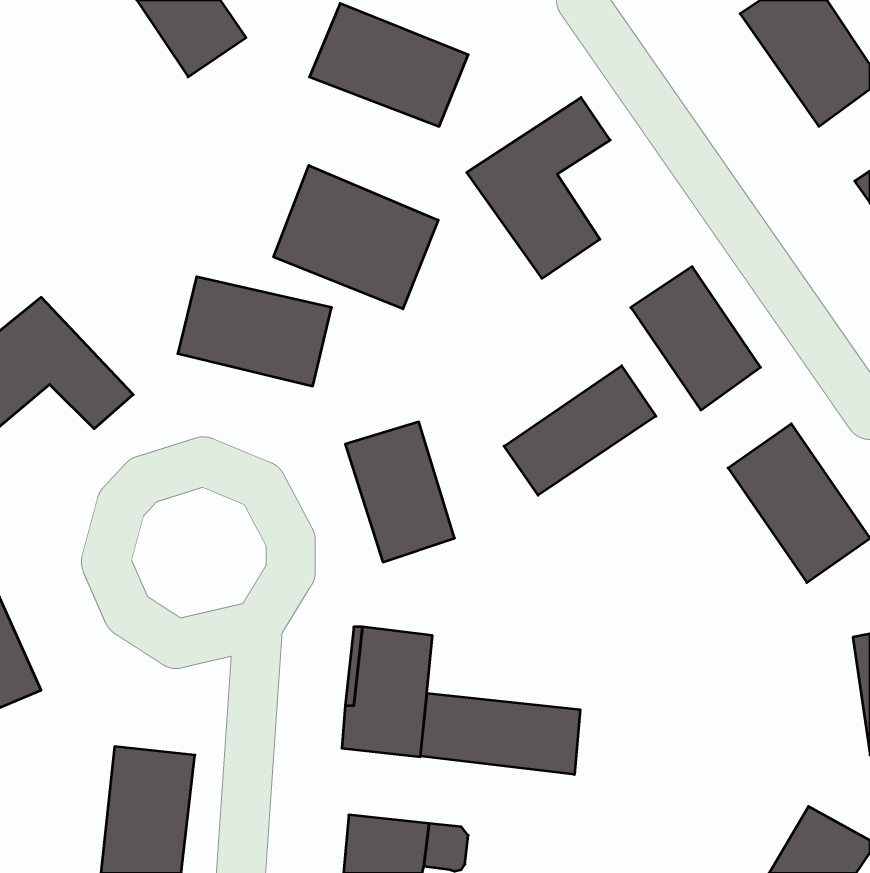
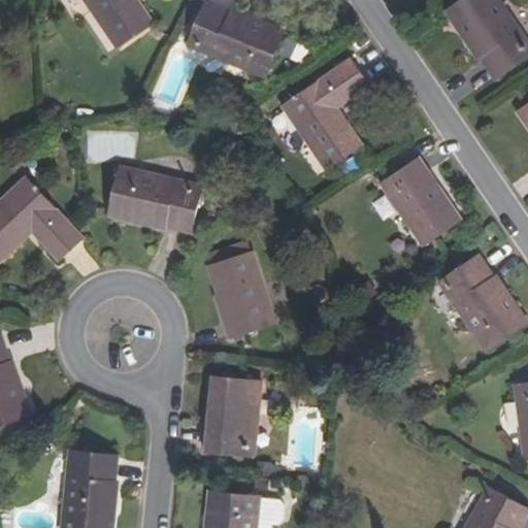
building: [274,165,438,309] -> none
building: [504,366,656,495] -> none
building: [421,693,580,775] -> none

